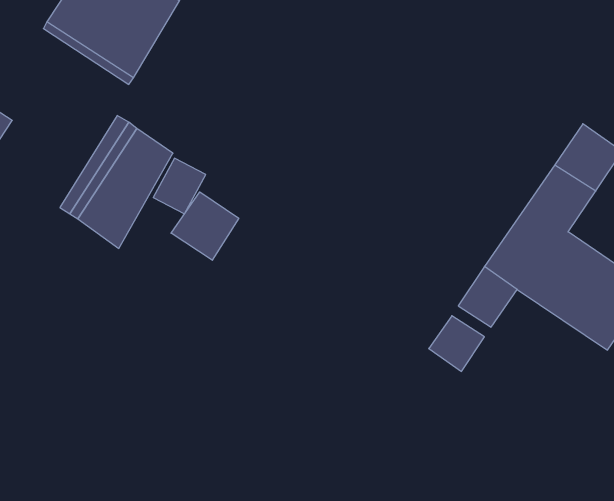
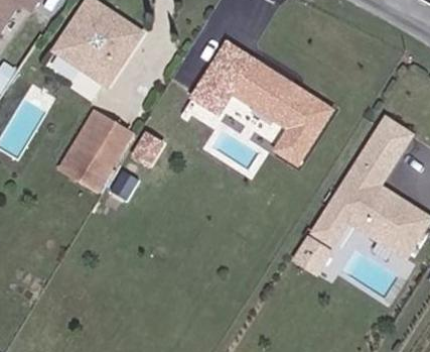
building: none -> [186,41,333,169]
building: [171,192,239,260] -> none

